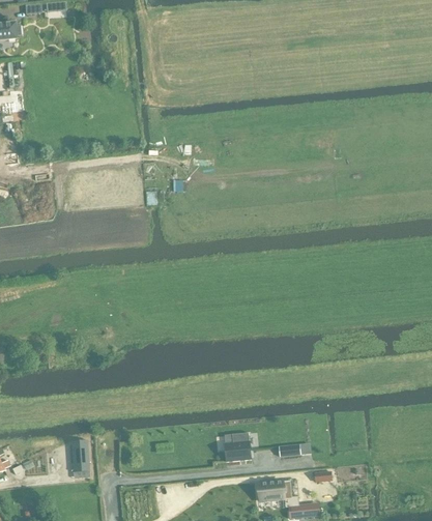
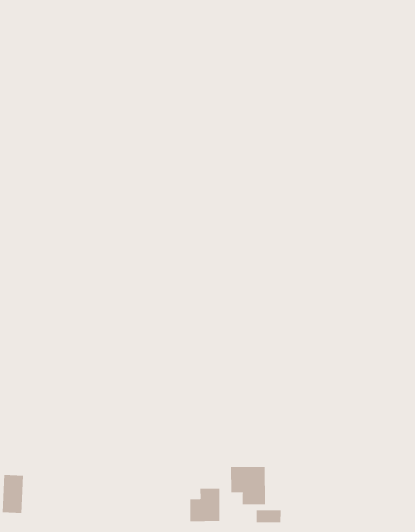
building: none -> [230,466,265,505]

